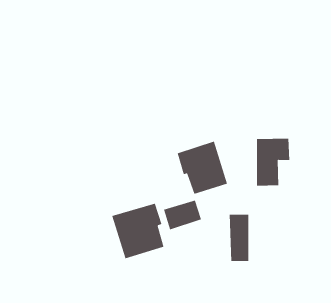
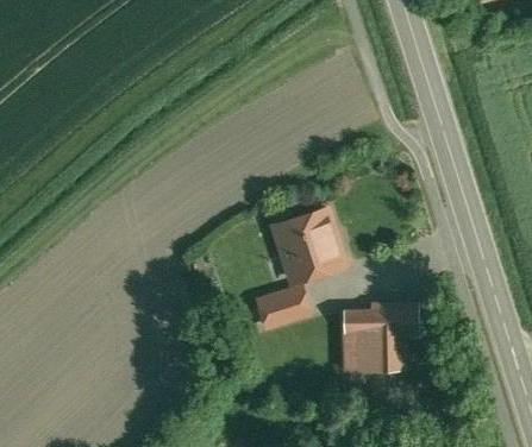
building: [256,138,290,186] -> [370,308,415,372]
building: [112,203,164,259] -> none

